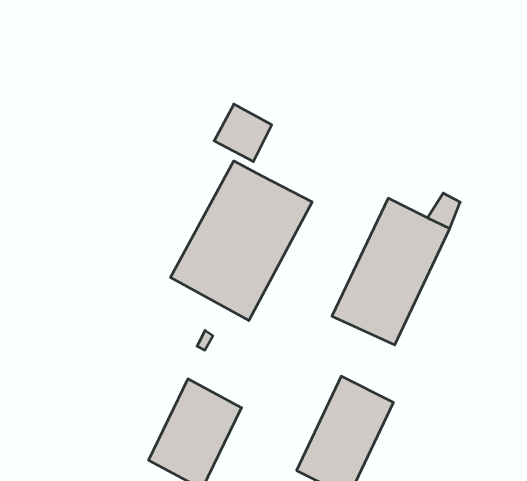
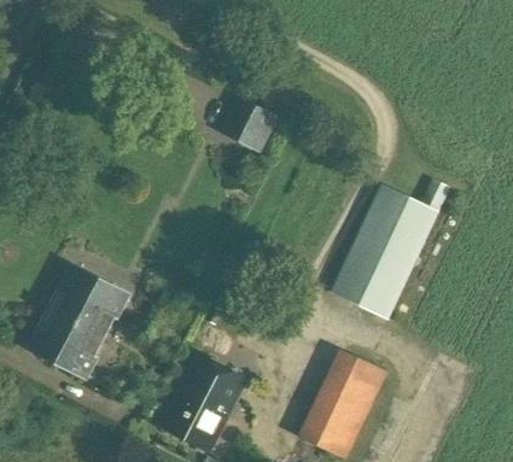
building: [171,161,312,321] -> none
building: none -> [30,267,127,372]

